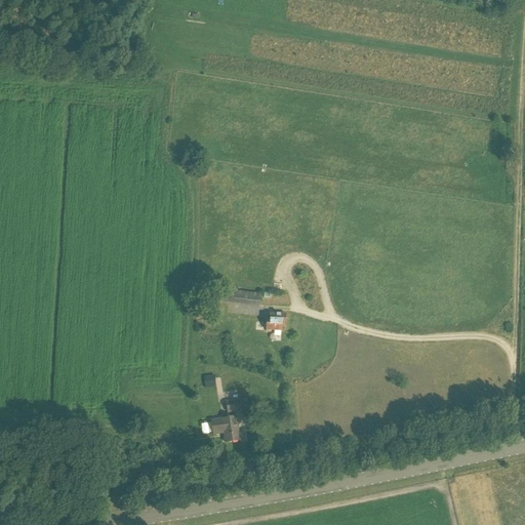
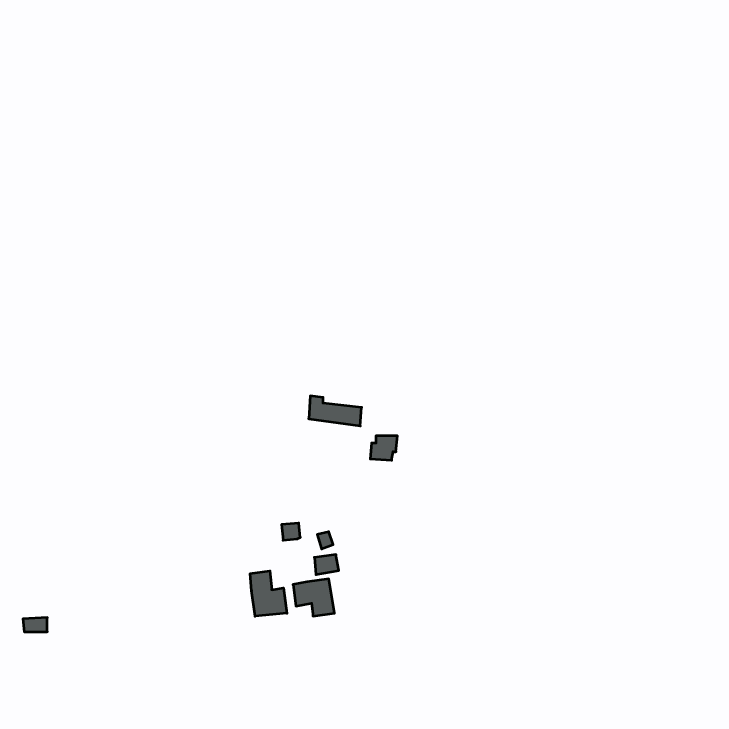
building: none -> [250,571,287,616]

